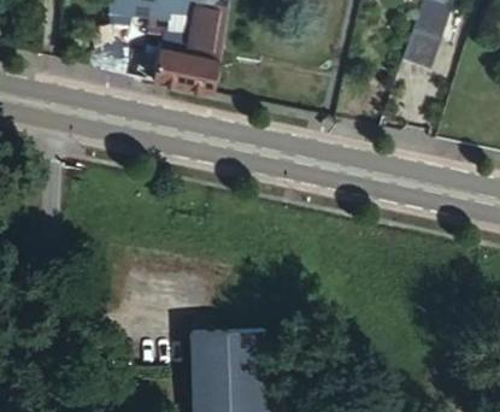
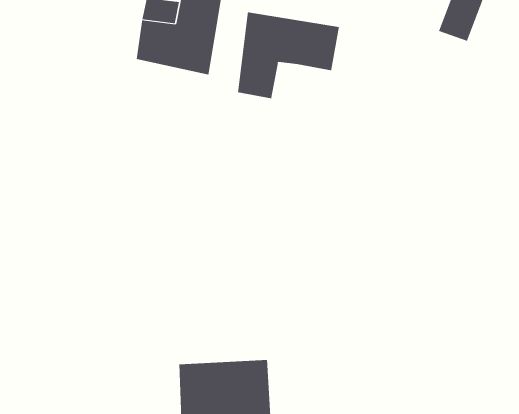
building: none -> [238,12,340,99]

